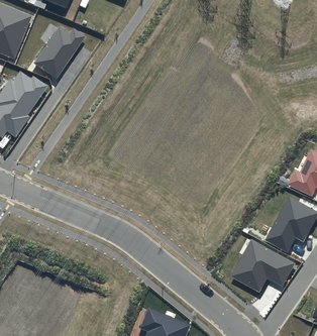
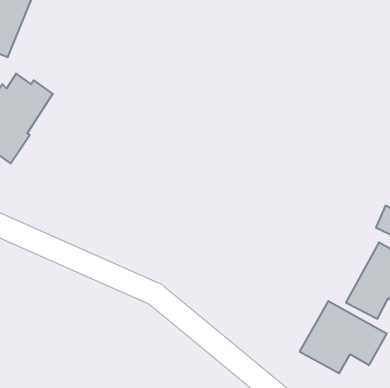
building: [34,26,86,79] -> none

